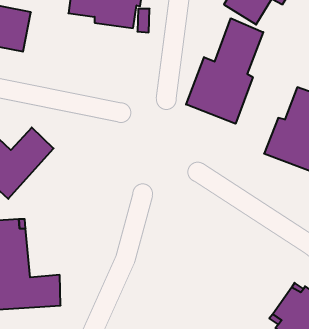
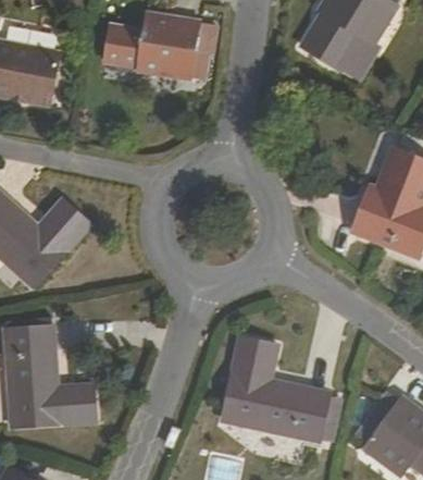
building: [186,18,263,124] -> none
building: none -> [223,337,328,441]

